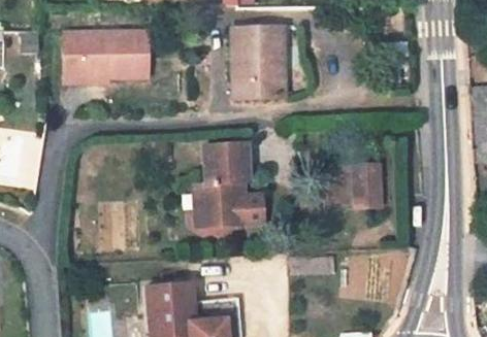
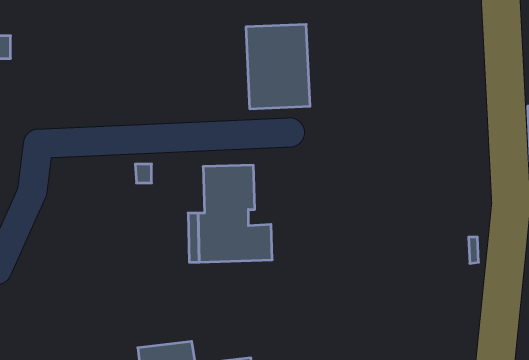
building: [67,35,151,81] -> none
building: [350,163,378,206] -> none

